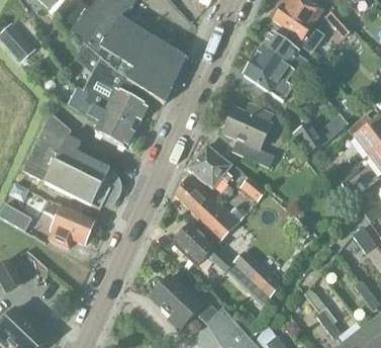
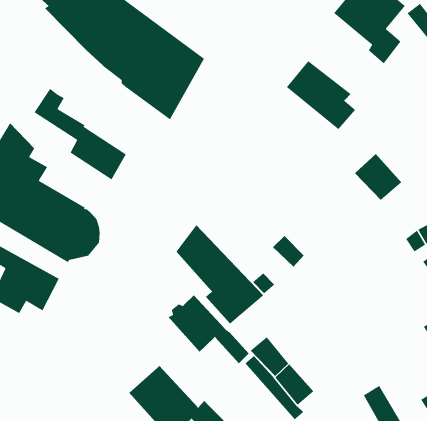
building: [258,31,318,79] -> none
building: [84,58,148,128] -> none
building: [222,102,274,167] -> none
building: [187,144,231,188] -> none

